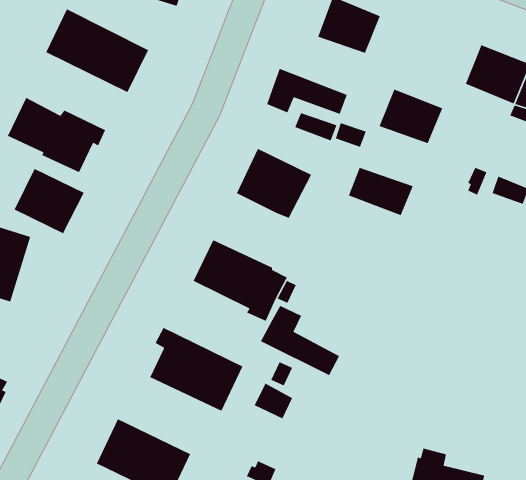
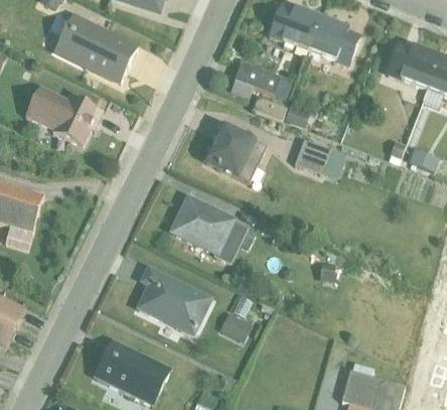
building: [378,88,443,144] -> [309,20,360,64]
building: [14,168,85,235] -> none
building: [260,305,340,376] -> none

